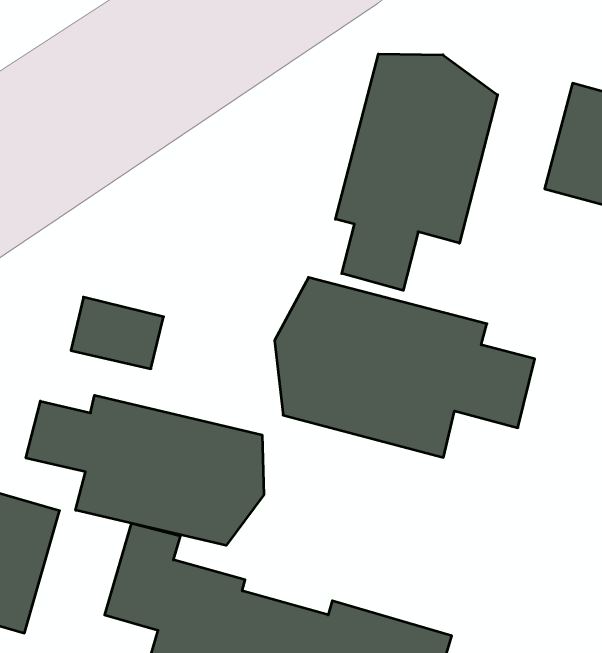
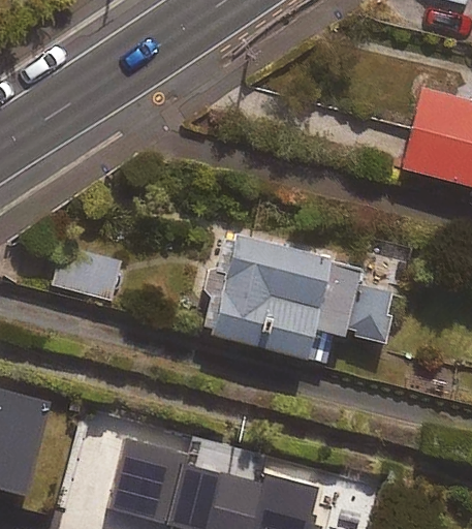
building: [335,54,498,290] -> none
building: [26,395,264,545] -> none

